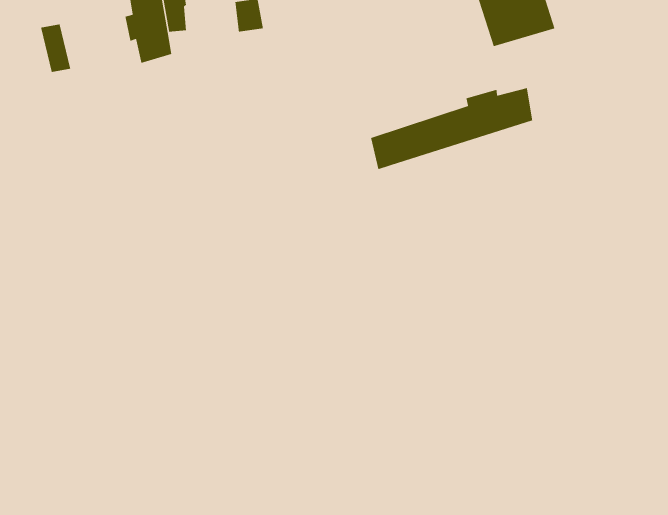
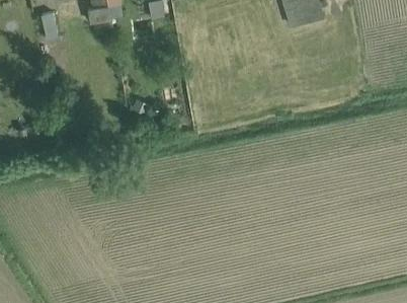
building: [370,87,533,170] -> none

